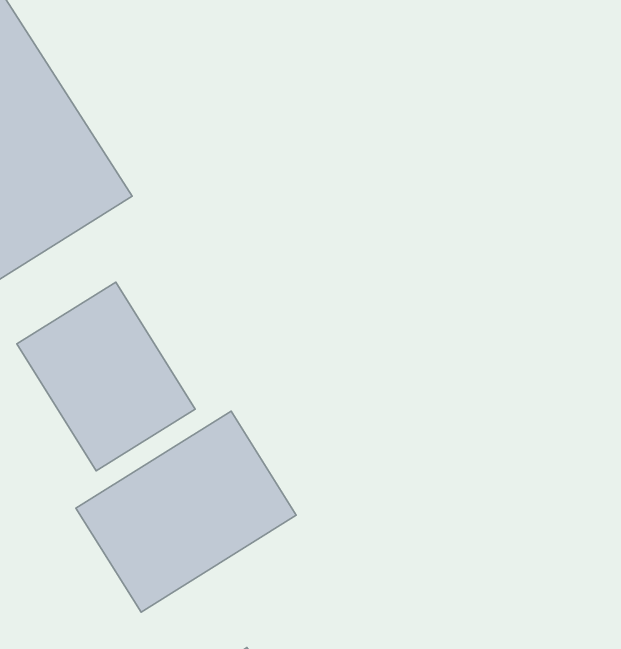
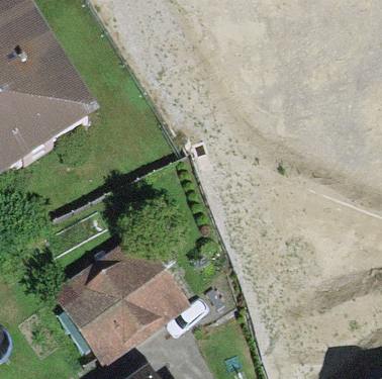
building: [17,282,195,471] -> none

